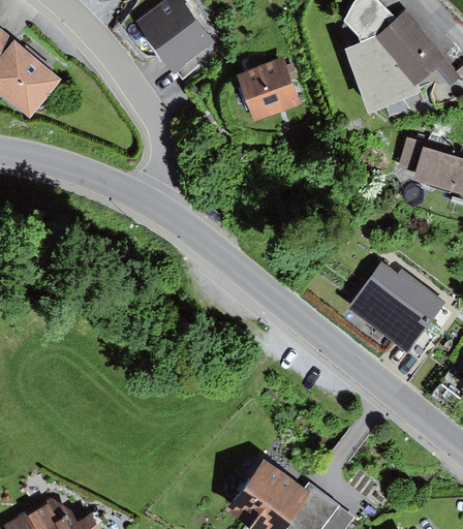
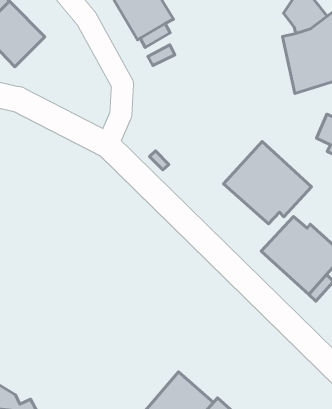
building: [235,58,299,122] -> none
building: none -> [224,142,311,224]

